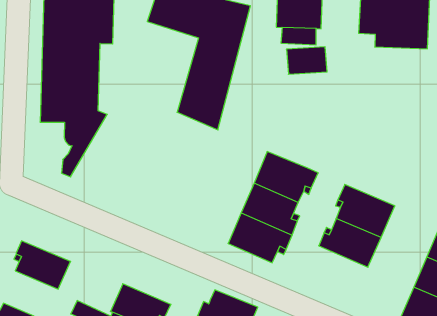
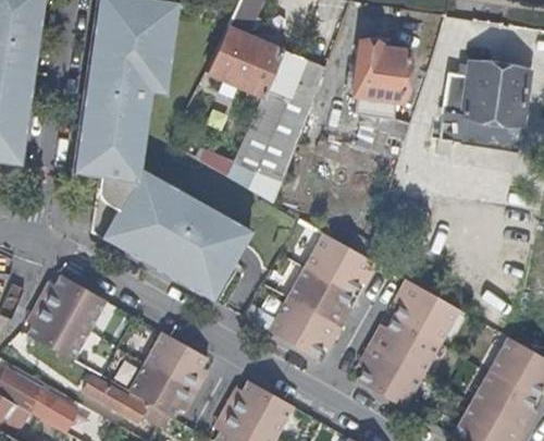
building: none -> [101,171,252,299]
building: none -> [38,274,107,331]
building: none -> [357,345,422,408]
building: none -> [146,332,208,392]

